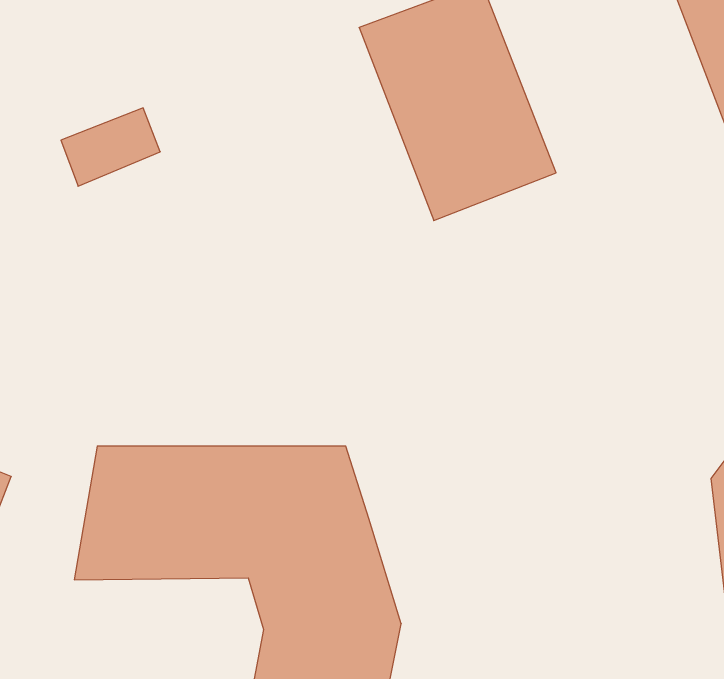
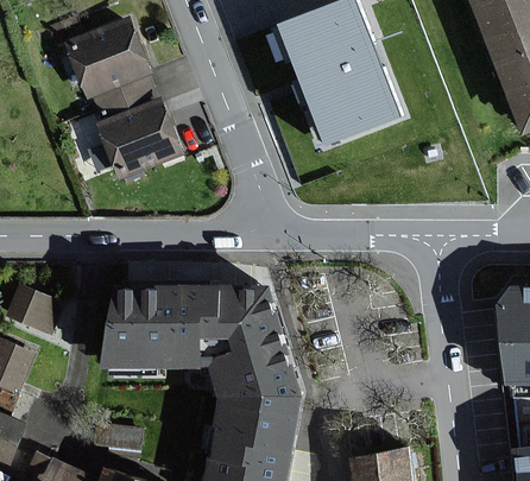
building: none -> [67,20,149,96]
building: none -> [97,101,178,176]

